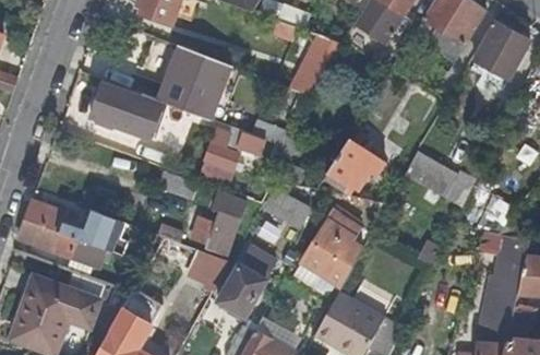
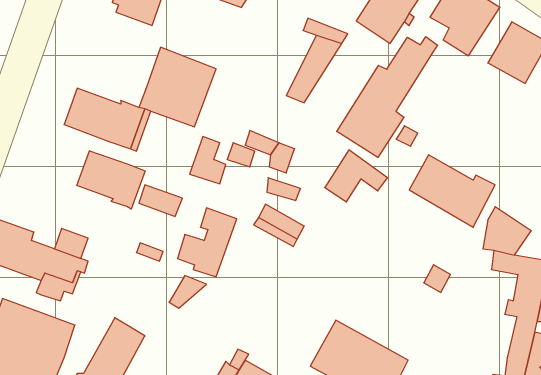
building: none -> [337,37,438,157]
building: none -> [77,151,145,209]
building: [301,213,368,286] -> none
building: [216,247,275,318] -> none

